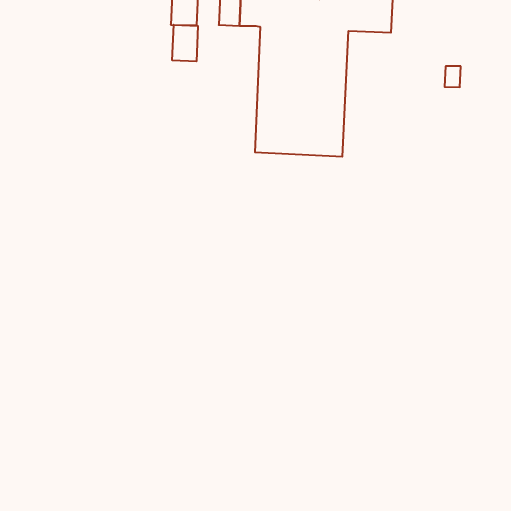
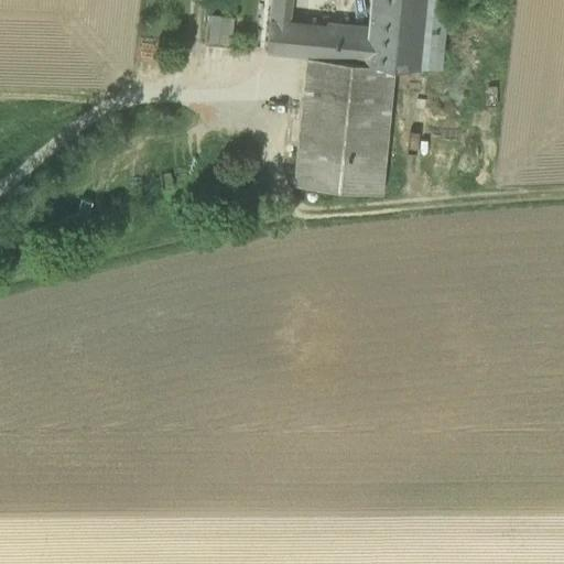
building: [172,25,198,61] -> none

